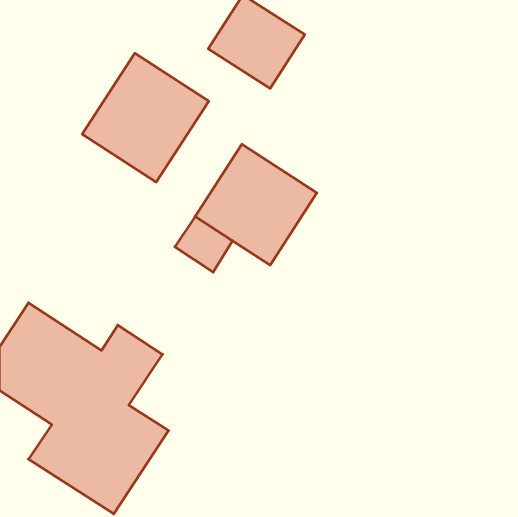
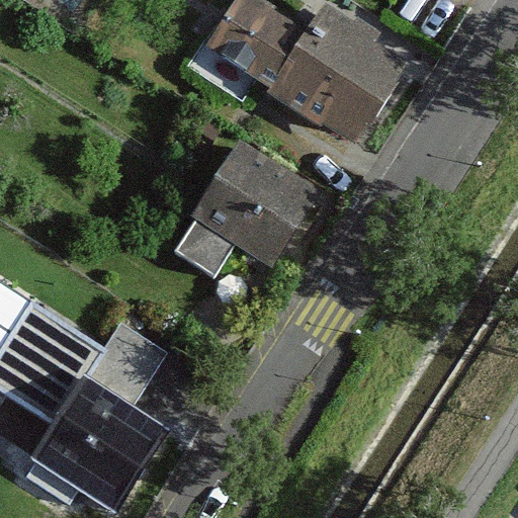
building: none -> [269,6,402,142]
building: [82,53,209,182] -> none

